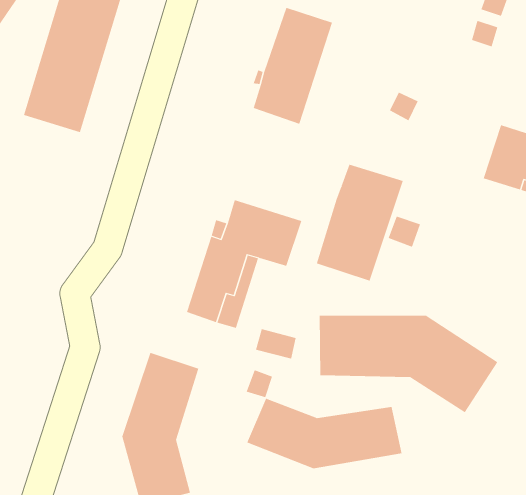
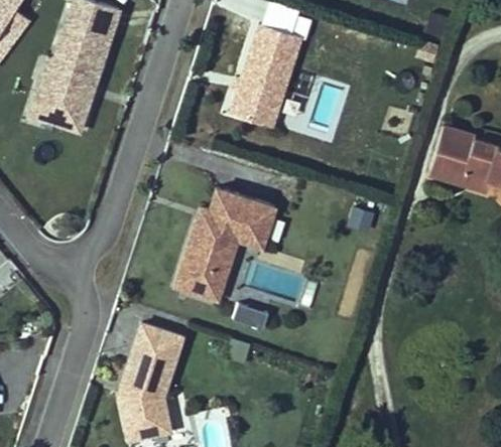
building: [316,164,403,282] -> none
building: [319,315,498,413] -> none
building: [246,398,402,469] -> none

